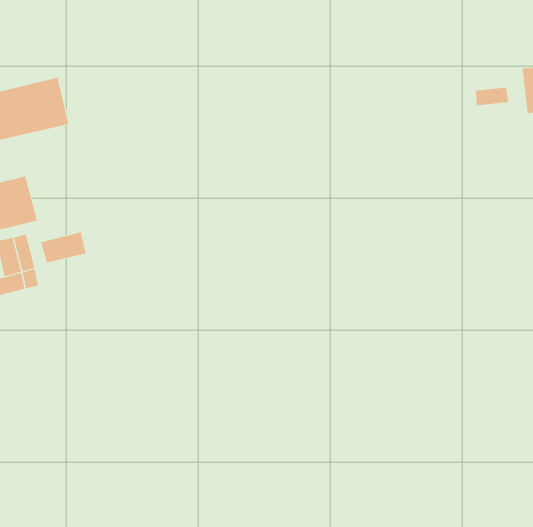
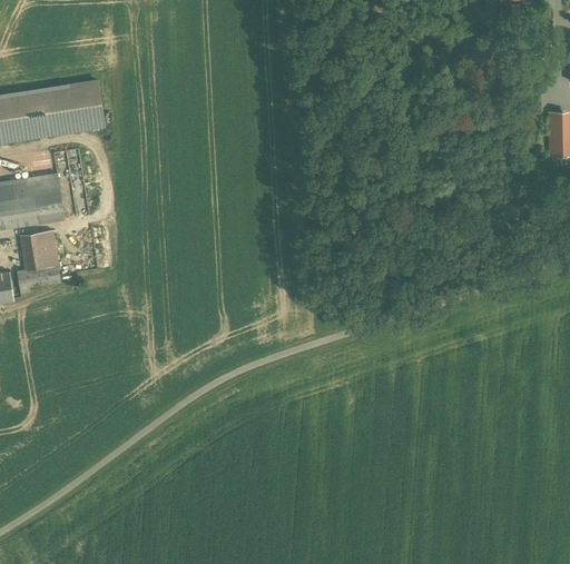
building: [475,87,509,106] -> none
building: [40,231,86,263] -> none

